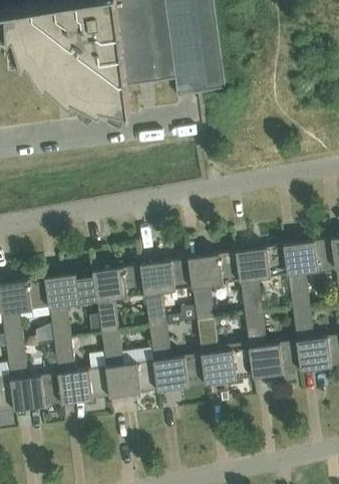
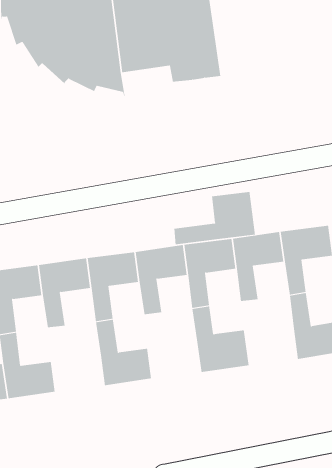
building: none -> [174,191,255,245]
building: [245,312,301,378] -> none
building: [149,325,206,391] -> none
building: [54,338,110,404] -> none

